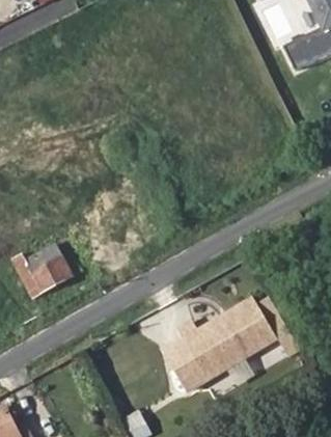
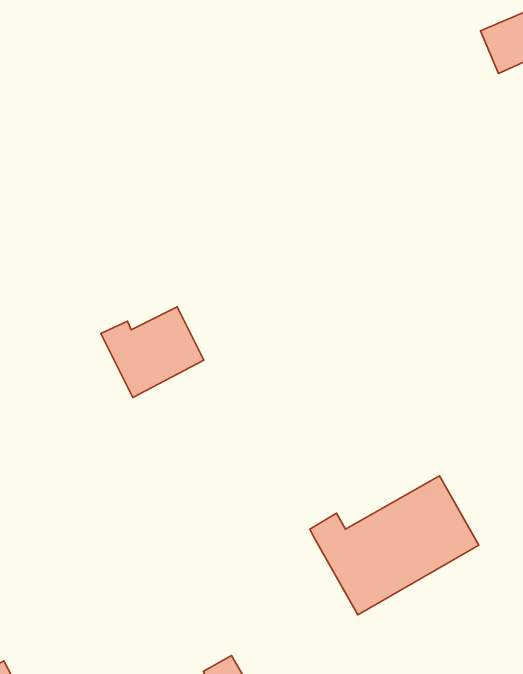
building: [13,244,74,297] -> [101,307,204,398]
building: [165,337,210,393] -> none

